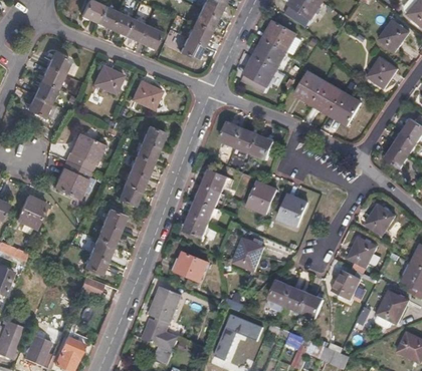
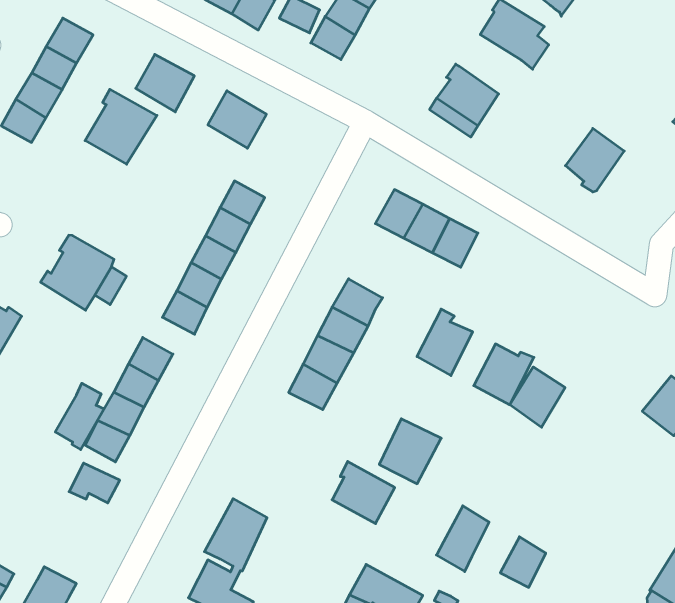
building: [256,39,287,69] -> none
building: [296,71,327,104] -> none
building: [332,92,361,124] -> none
building: [68,133,103,170] -> [85,89,157,164]
building: none -> [55,383,104,450]
building: [349,237,376,267] -> [510,367,565,427]
building: [178,251,209,281] -> [332,461,395,524]
building: [332,269,360,299] -> none
building: [282,286,308,314] -> none

